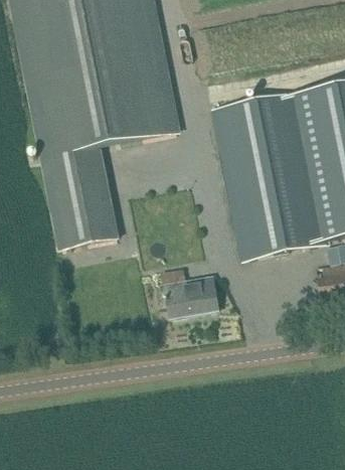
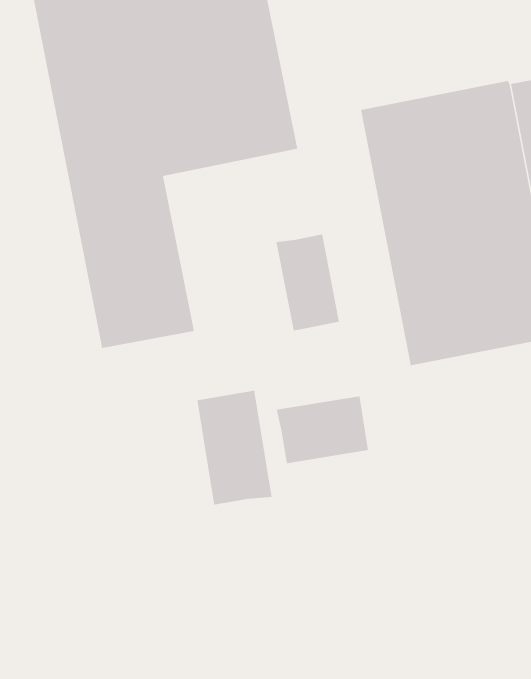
building: none -> [276,234,340,332]
building: none -> [196,390,273,505]

